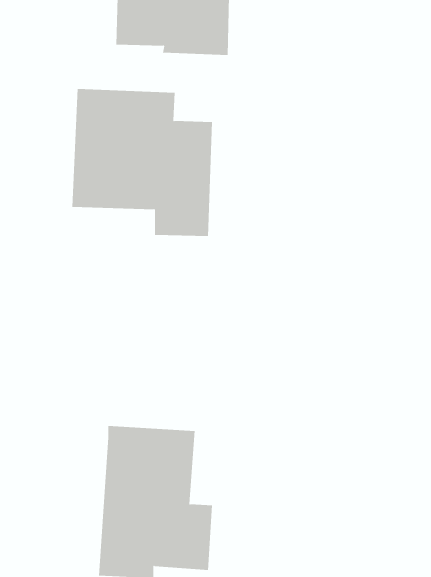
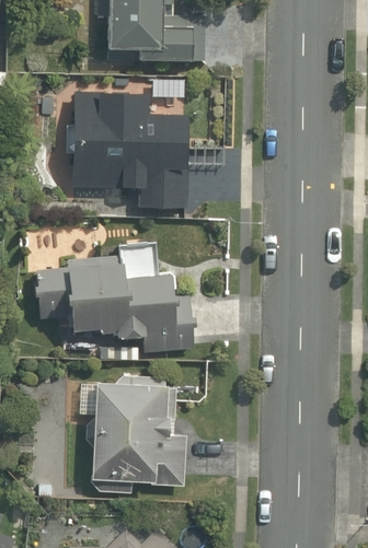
building: none -> [32,240,195,352]

